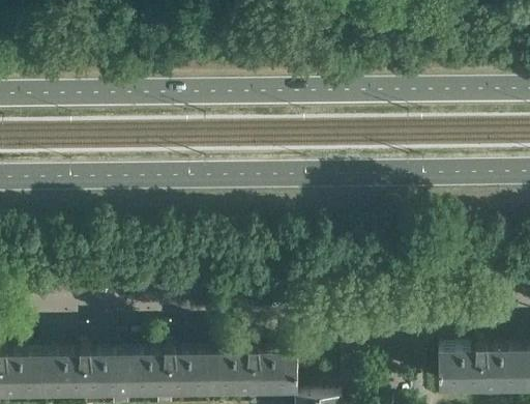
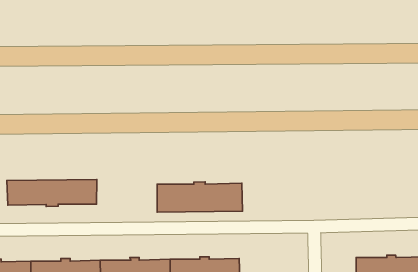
building: none -> [7,179,97,207]
building: none -> [157,182,243,212]

